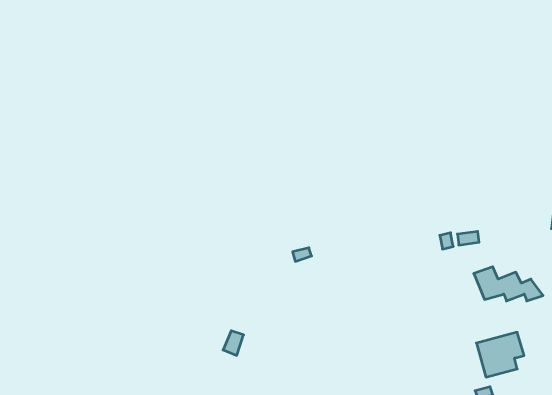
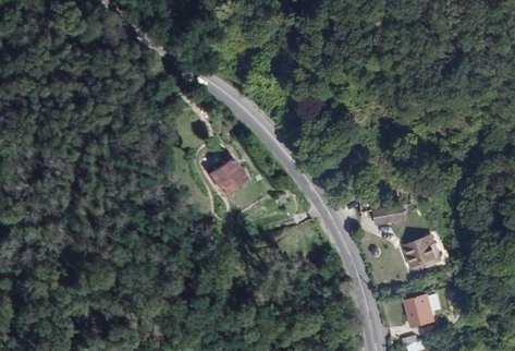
building: none -> [206,157,243,193]

